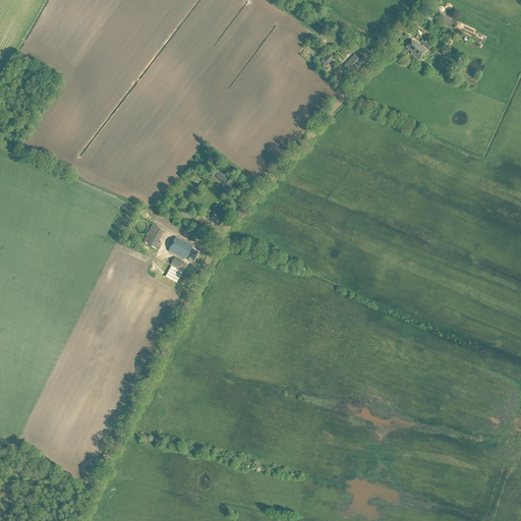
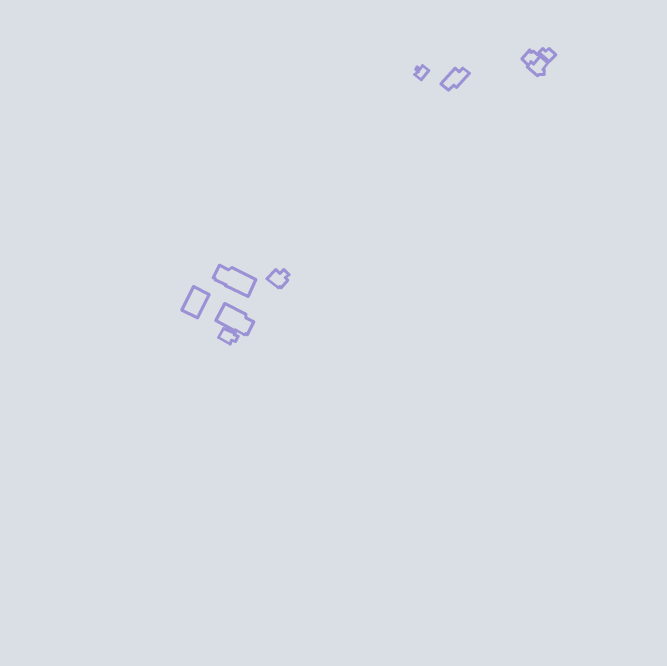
building: none -> [213,265,256,297]

